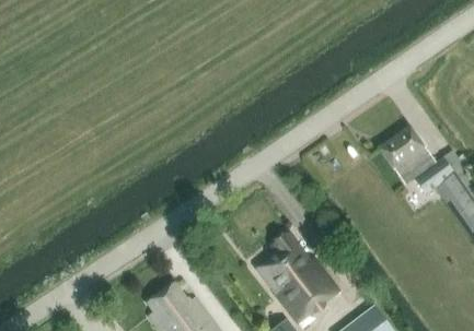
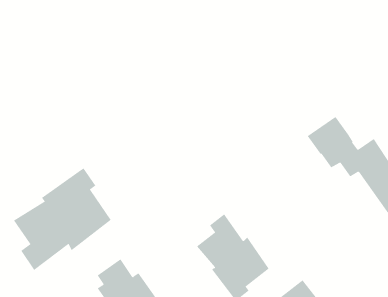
building: none -> [13,167,112,271]

